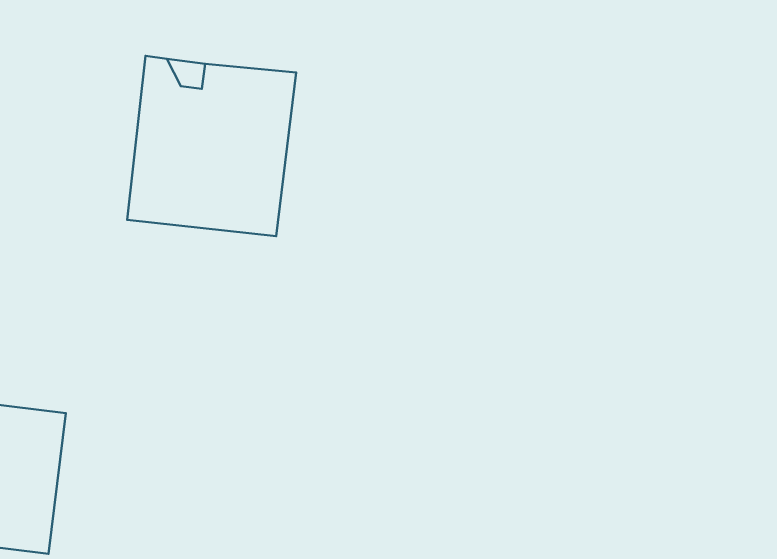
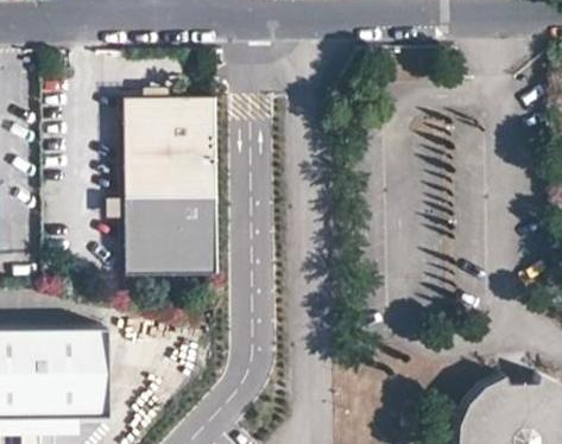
building: none -> [125,195,217,273]

